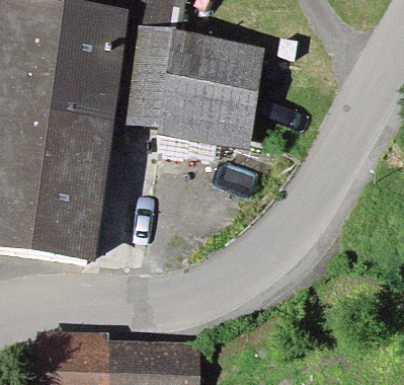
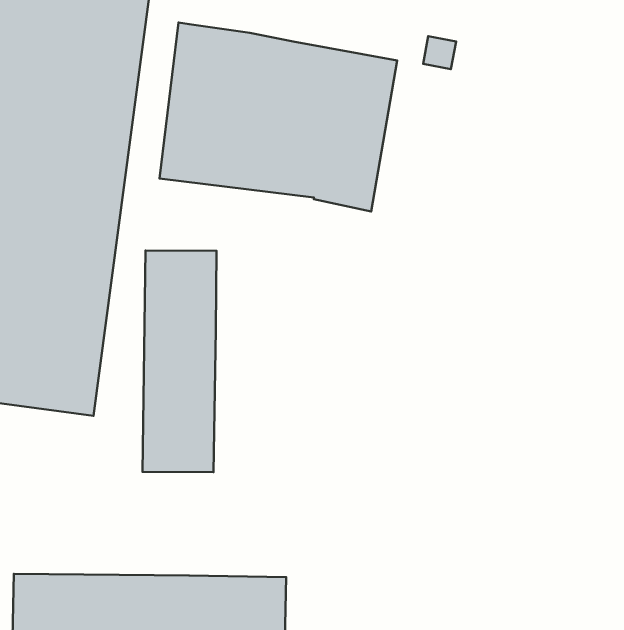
building: none -> [143,251,216,472]

